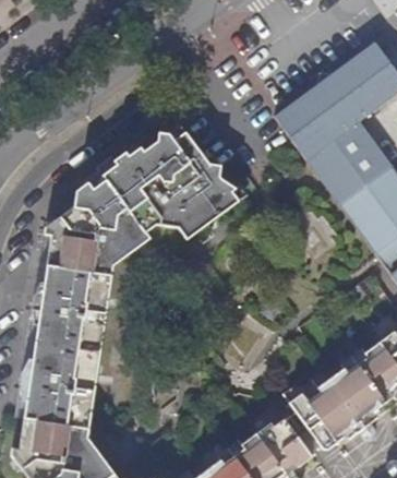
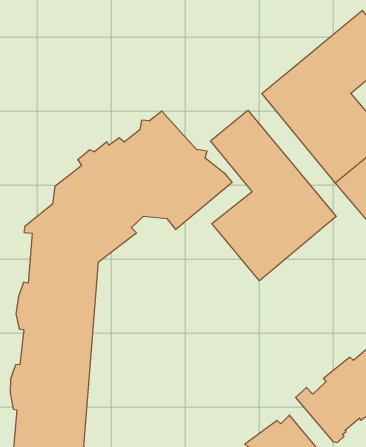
building: none -> [210,110,336,281]

